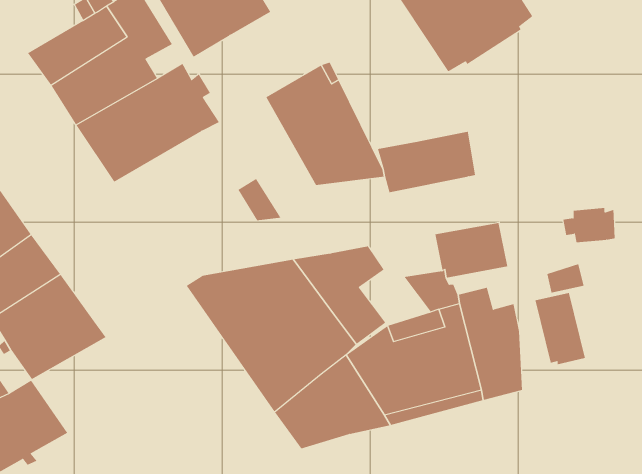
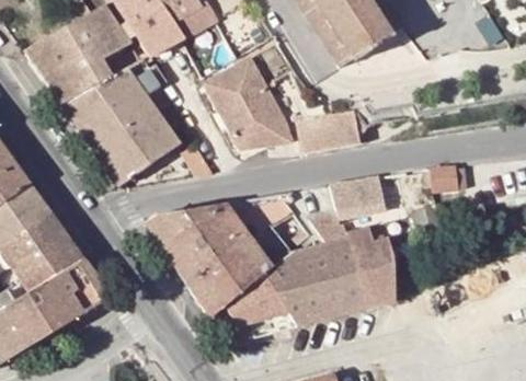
building: none -> [90,108,179,186]
building: [535,292,586,365] -> none
building: none -> [28,262,111,333]

